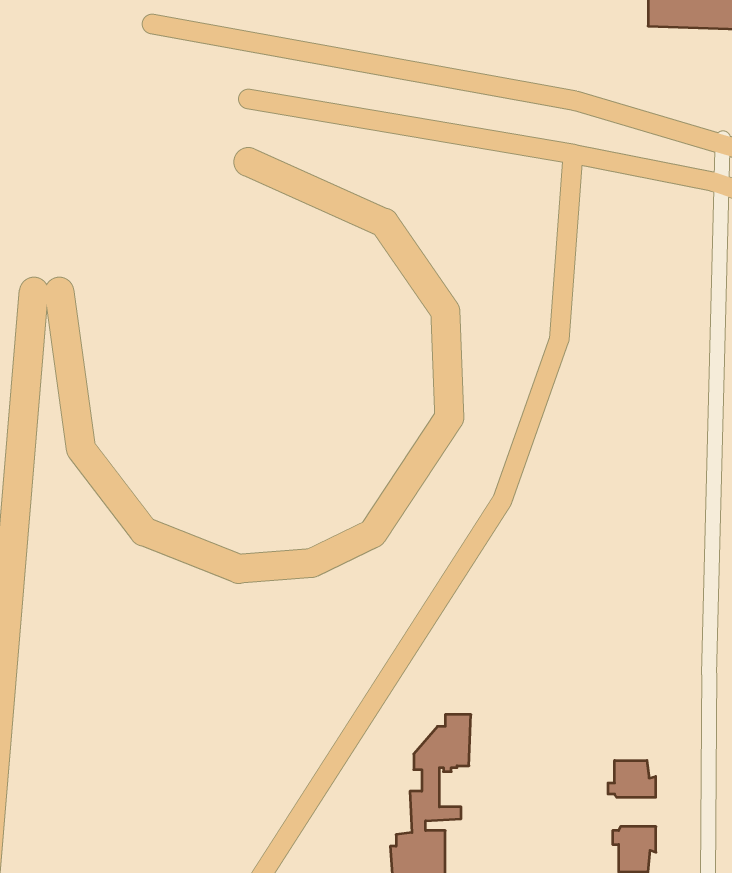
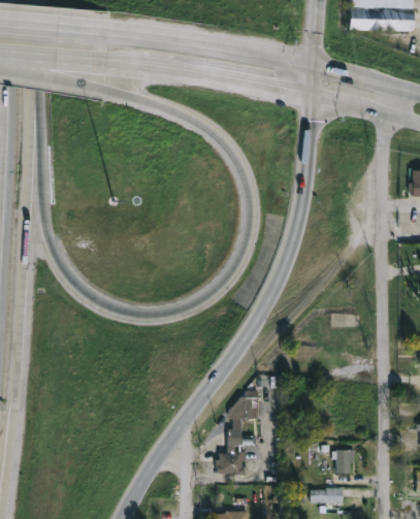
building: [608,760,656,797] -> none

